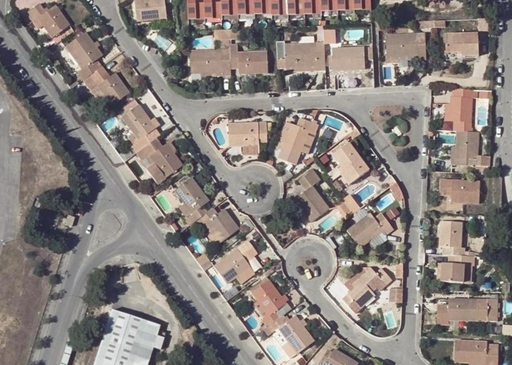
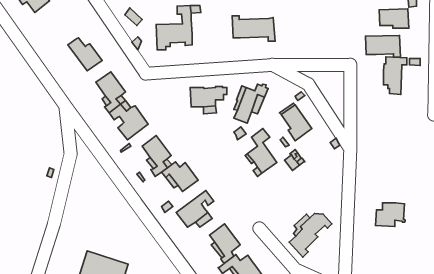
building: [65,32,101,79] -> none
building: [386,34,426,59] -> [365,35,400,57]
building: [230,44,268,73] -> none
building: [326,47,364,88] -> none
building: [455,130,489,166] -> none
building: [440,180,480,202] -> none
building: [347,213,393,247] -> none
building: [440,221,464,255] -> none
building: [437,299,498,323] -> none

